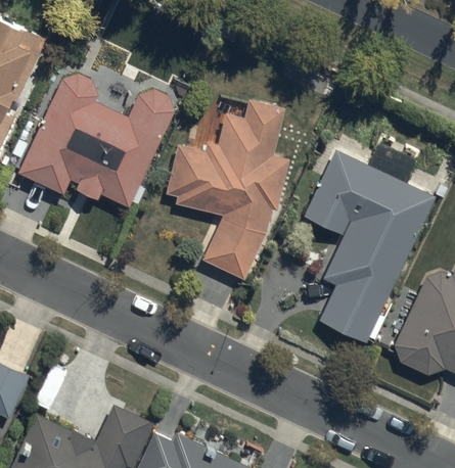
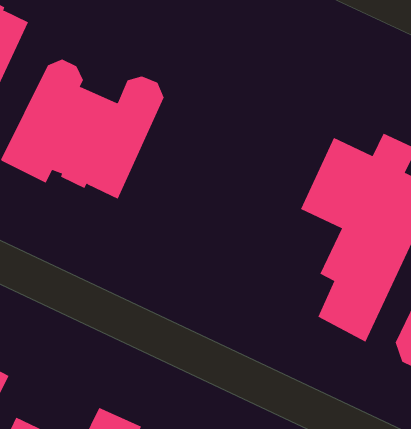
building: [167,100,287,280] -> none

